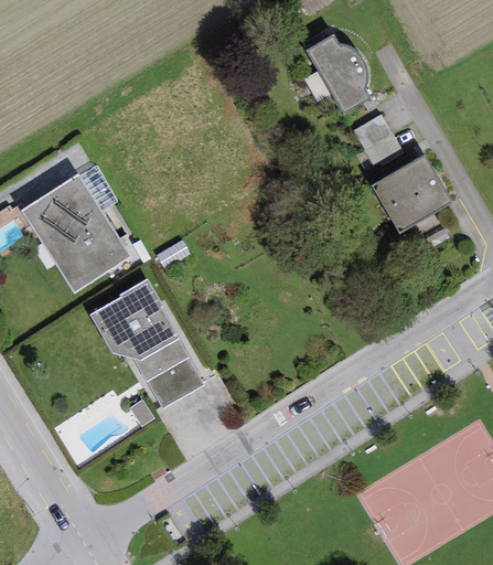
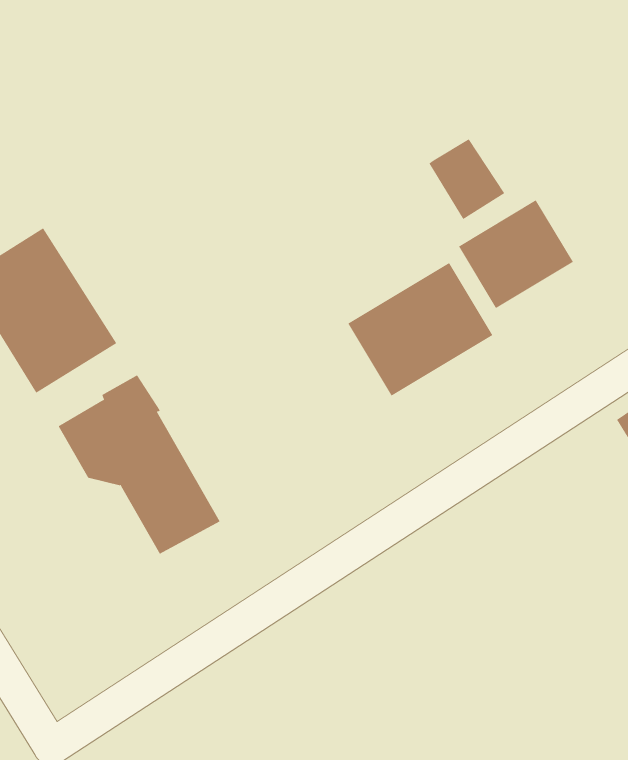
building: [304,33,371,114] -> none
building: none -> [348,262,493,396]

